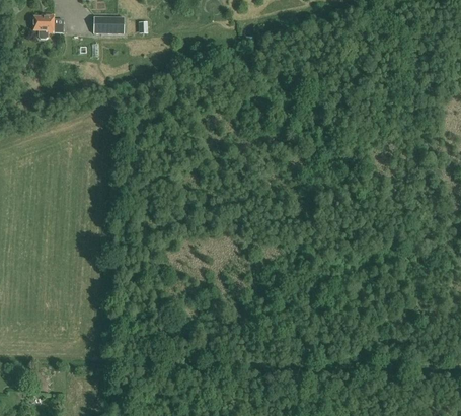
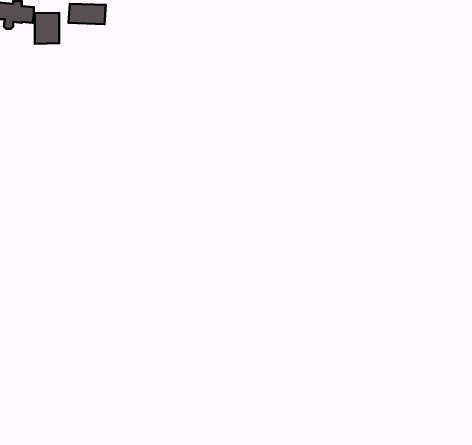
building: none -> [35,13,59,44]

